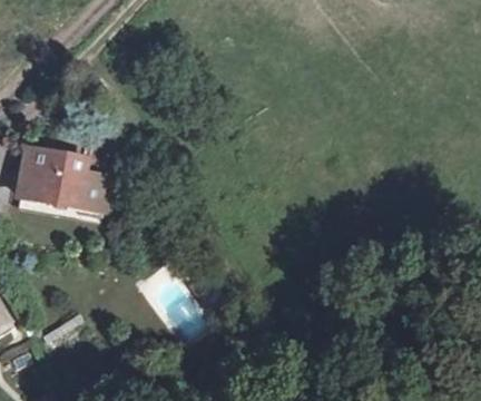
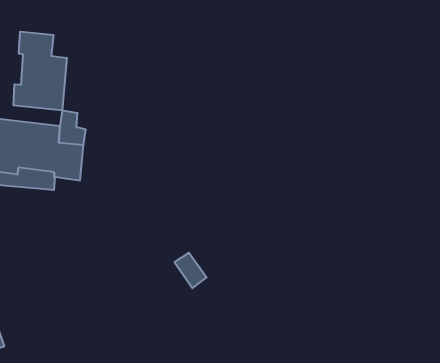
building: none -> [13,32,67,111]

